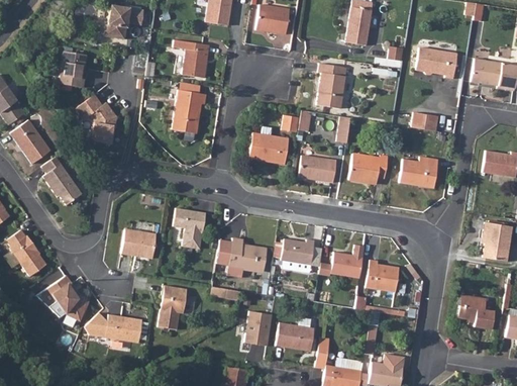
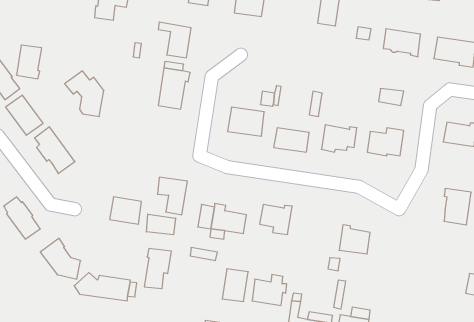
building: [57,51,84,87] -> [16,45,42,79]
building: [315,65,345,109] -> none
building: [321,246,367,279] -> none
building: none -> [146,214,176,235]
building: [457,294,495,326] -> none

